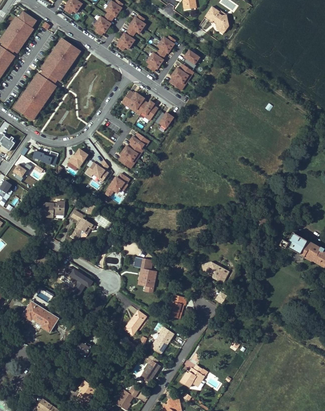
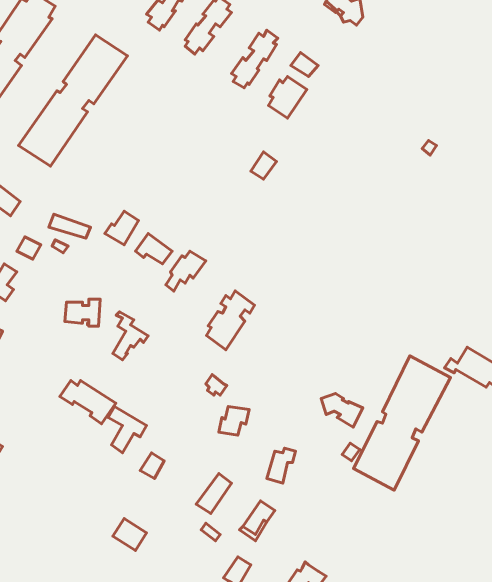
building: [121,90,158,120] -> none
building: [119,131,149,168] -> [206,291,255,350]
building: none -> [353,356,450,490]
building: [23,305,58,332] -> [60,381,116,424]

